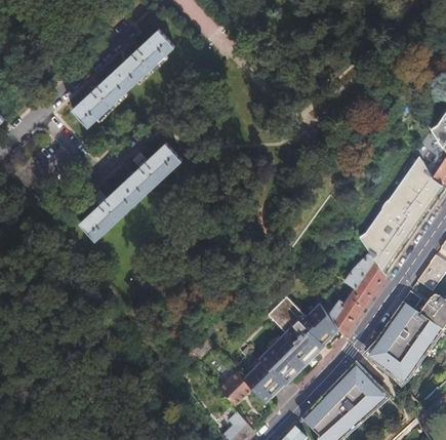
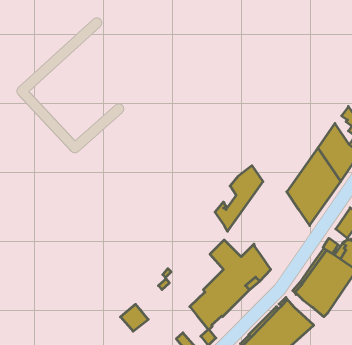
building: [72,30,174,127] -> none
building: [79,142,183,241] -> none
building: [327,255,386,335] -> [215,166,263,231]
building: [215,366,249,399] -> [120,304,148,331]

